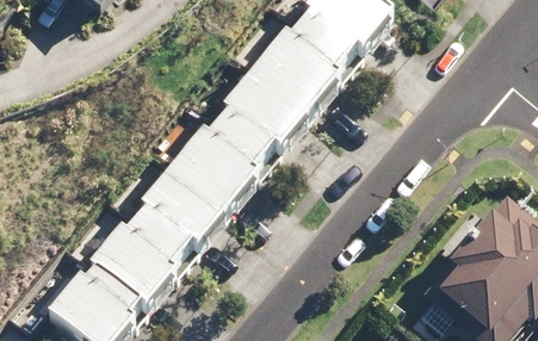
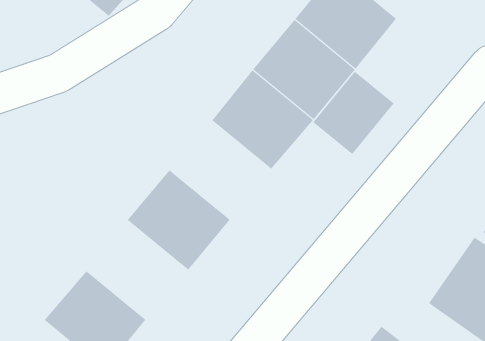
building: none -> [312,71,395,155]
building: [168,119,270,218] -> none
building: [86,218,187,317] -> none

